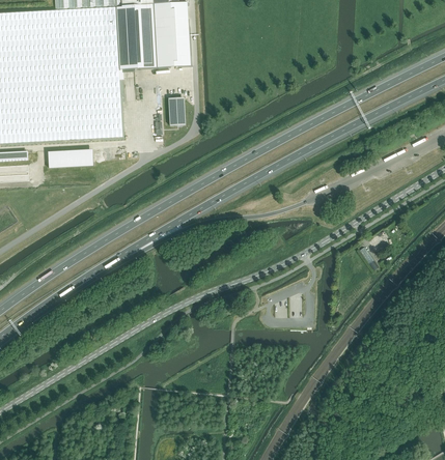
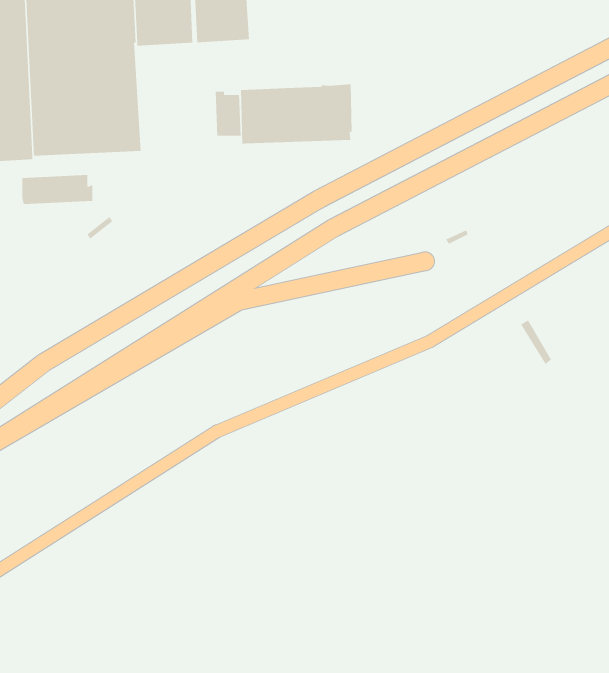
building: none -> [240,84,352,144]

